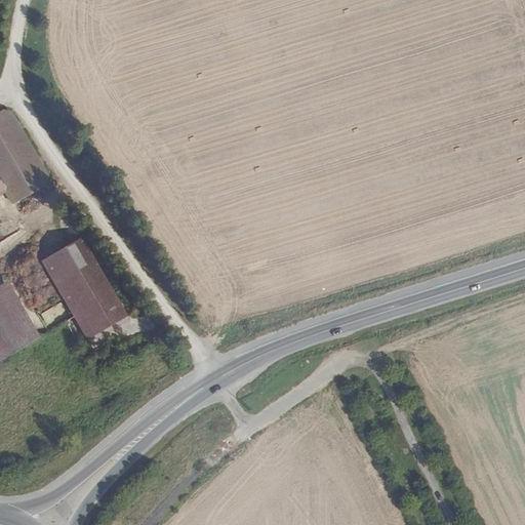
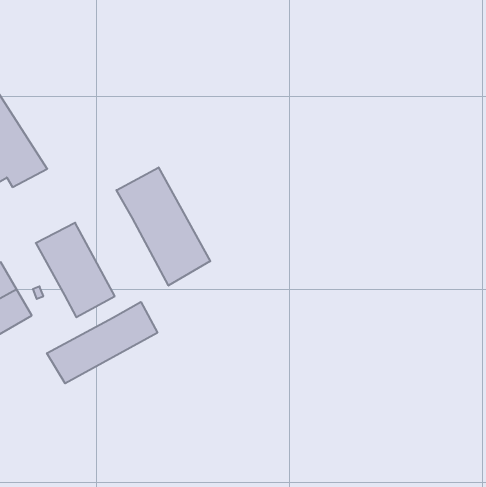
building: none -> [116,167,210,286]
building: none -> [47,302,157,383]

